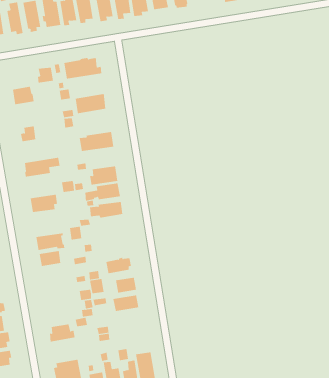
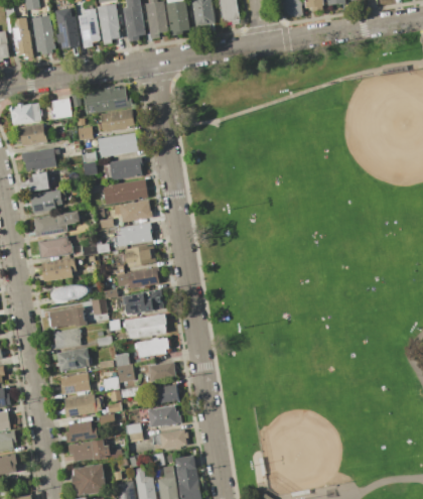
building: none -> [8,103,42,125]
building: none -> [100,109,135,133]
building: none -> [21,148,58,169]
building: none -> [109,157,142,180]
building: none -> [30,190,62,213]
building: none -> [119,200,152,223]
building: none -> [37,237,74,259]
building: none -> [50,284,100,303]
building: none -> [121,289,162,314]
building: none -> [124,315,167,339]
building: none -> [56,348,91,372]
building: none -> [60,372,90,394]
building: none -> [63,394,102,417]
building: none -> [147,405,182,428]
building: none -> [159,429,187,450]
building: none -> [67,439,122,463]

